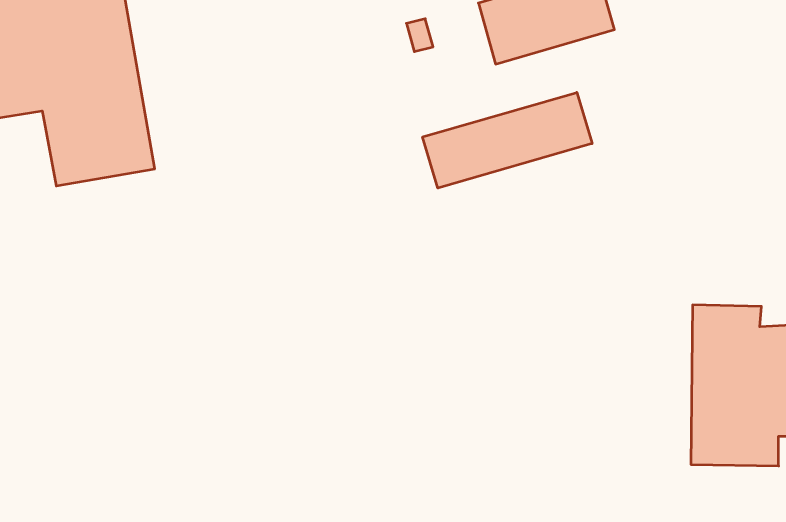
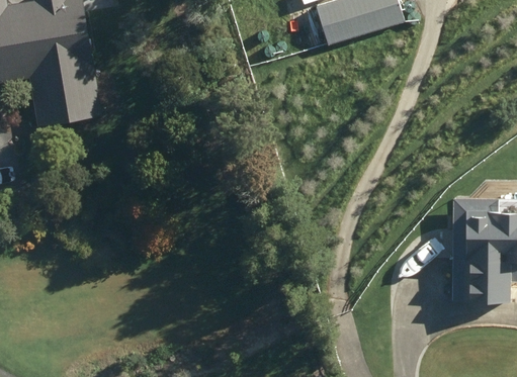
building: [423,92,592,188] -> none

